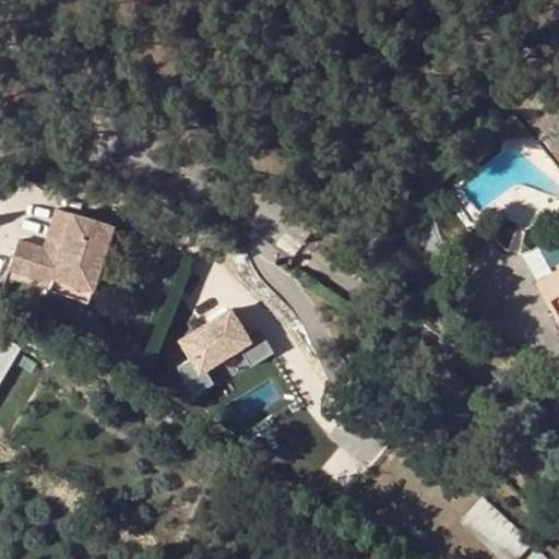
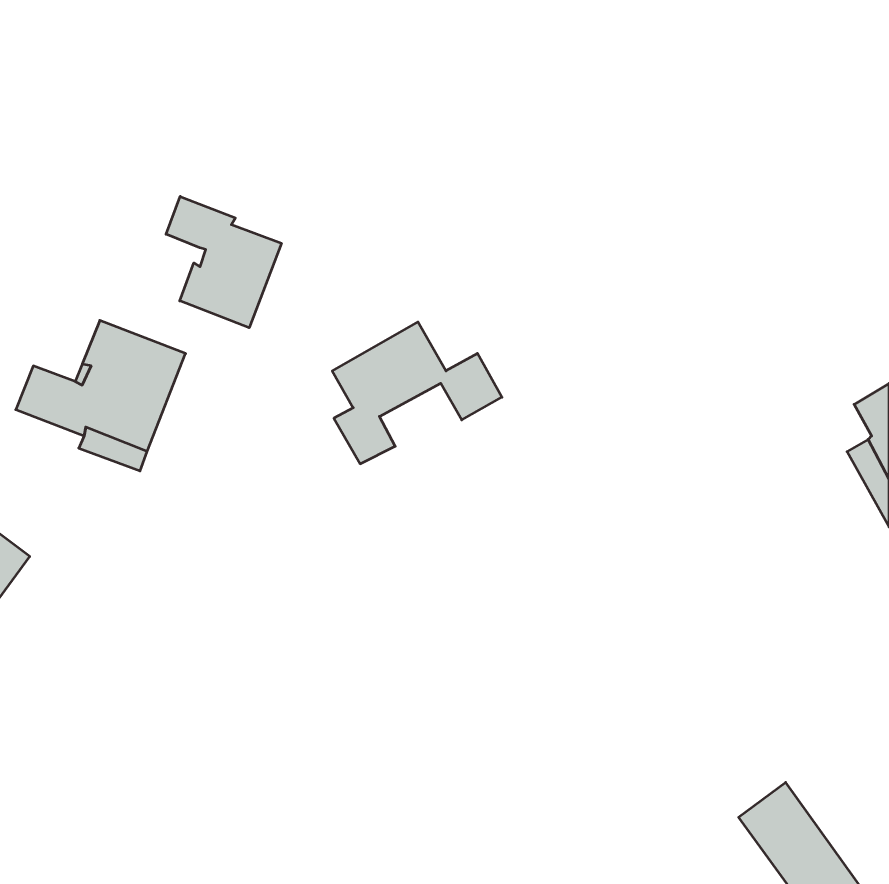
building: none -> [166,196,281,328]
building: [171,314,277,403] -> [332,322,502,464]

